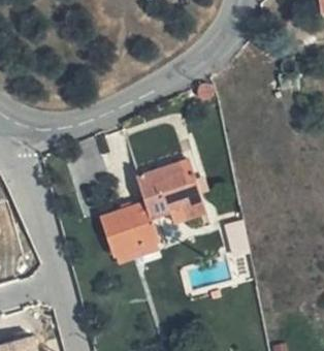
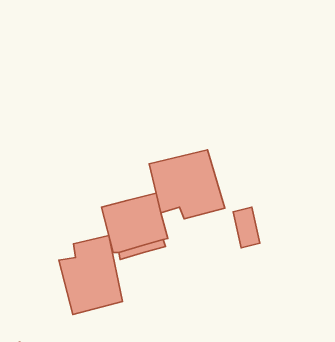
building: none -> [59,236,123,314]

